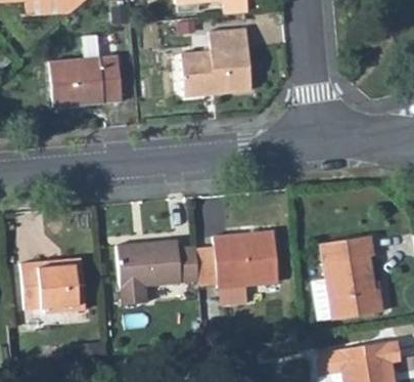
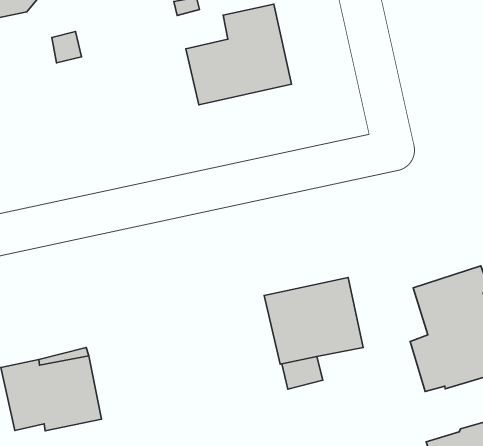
building: [51,56,123,108] -> none
building: [117,239,199,302] -> none

